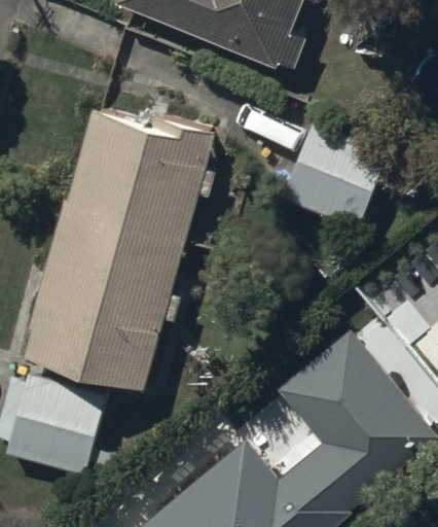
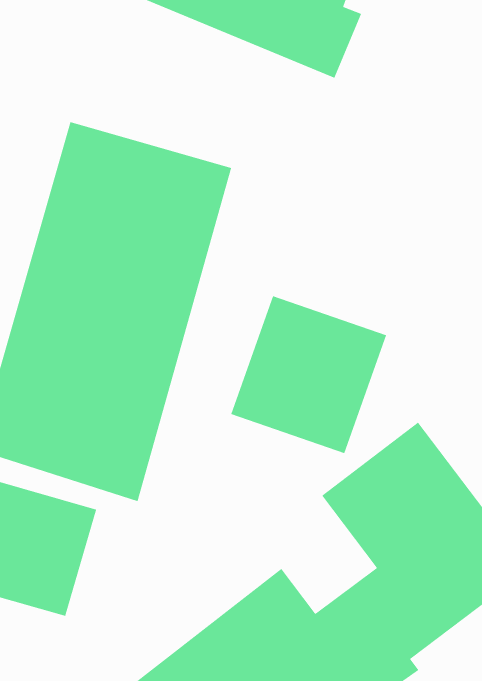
building: [281,117,387,226] -> none
building: none -> [230,295,387,454]

